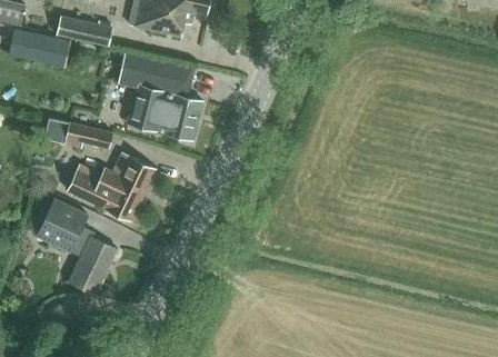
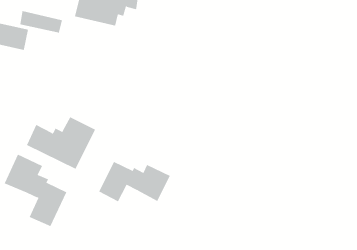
building: [118,54,203,139] -> none
building: [43,117,112,148] -> none
building: none -> [99,161,170,202]

